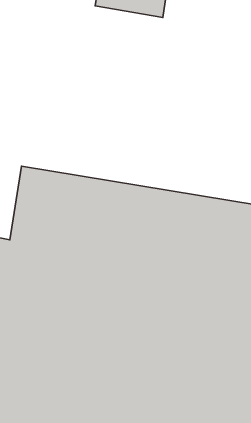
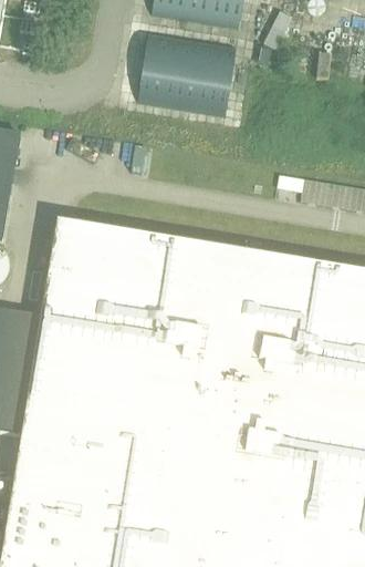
building: none -> [139,39,238,115]

